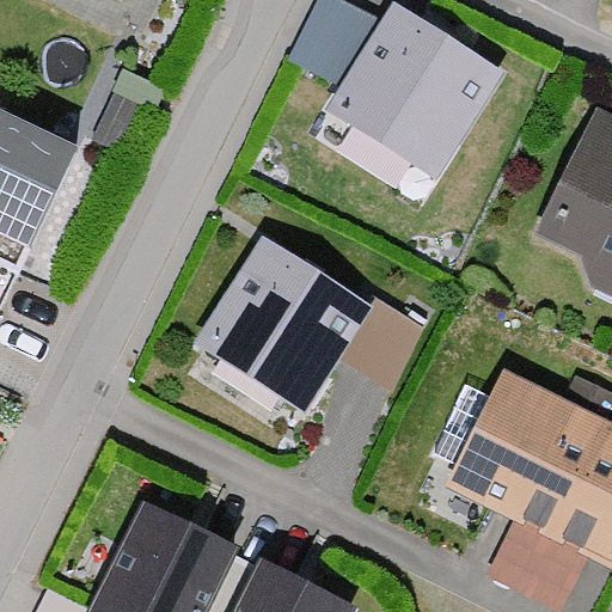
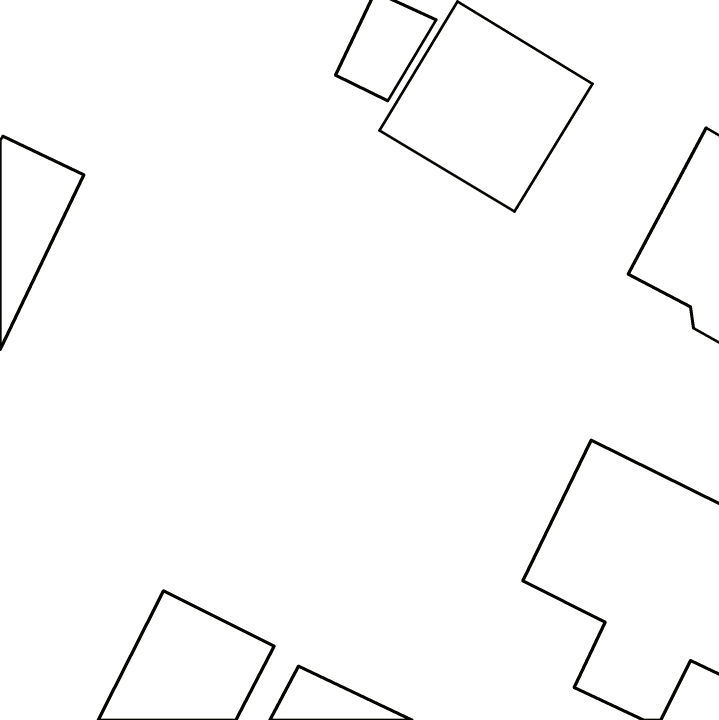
building: [209,241,371,400] -> none

